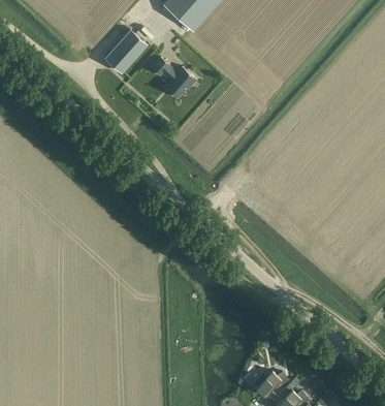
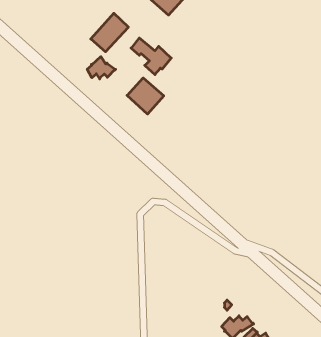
building: none -> [87,57,116,79]
building: none -> [127,78,164,114]

